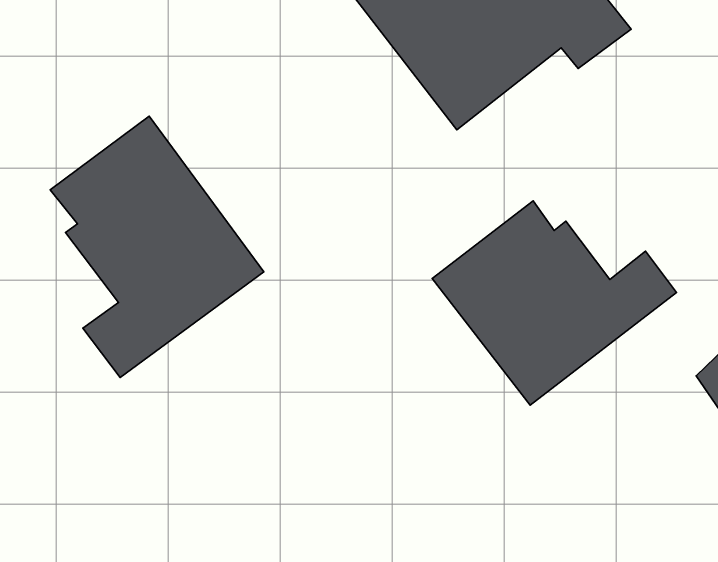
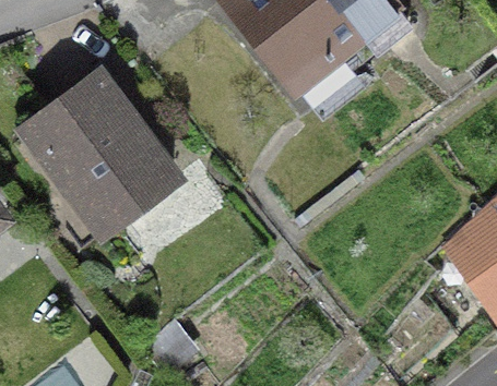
building: [432,201,676,405] -> none

